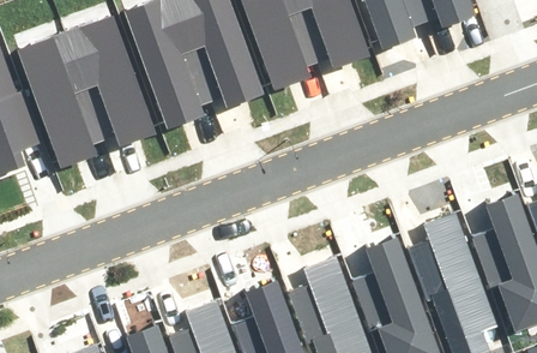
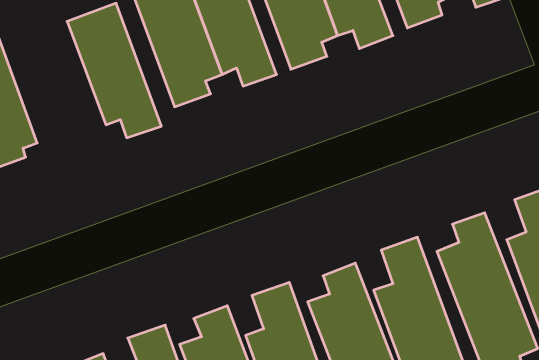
building: [20,37,104,164] -> none

